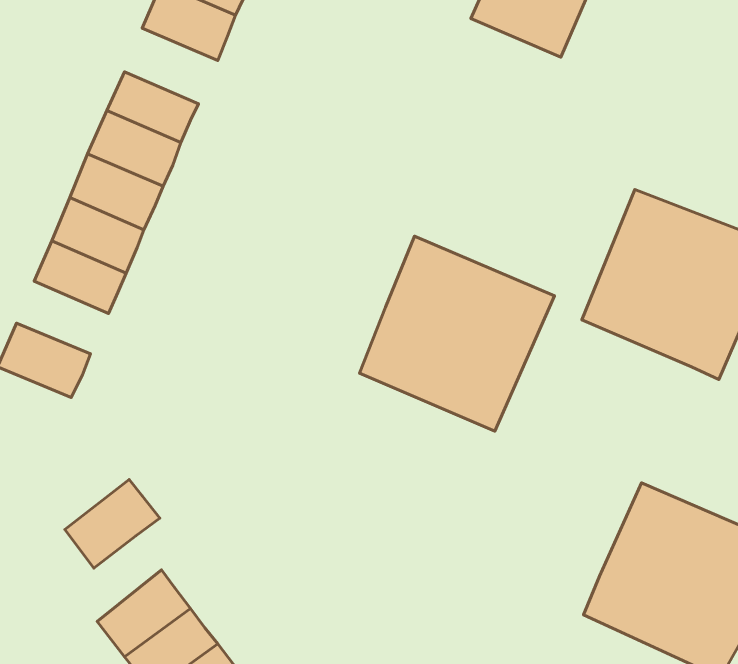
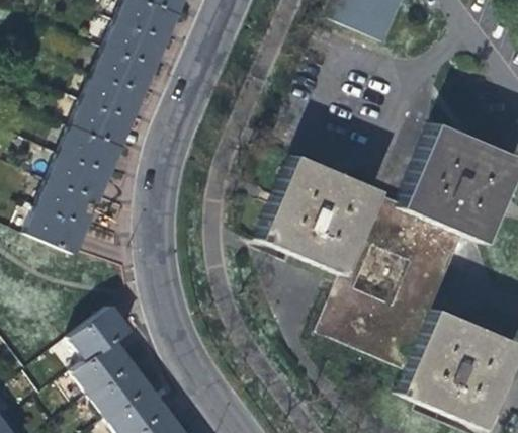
building: none -> [107,21,166,69]
building: none -> [39,180,97,226]
building: none -> [316,196,463,365]
building: none -> [73,340,131,394]

